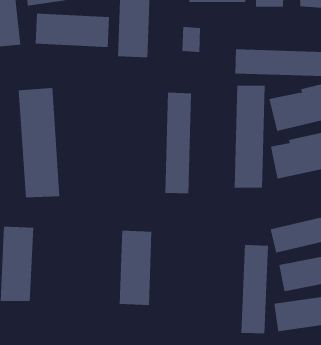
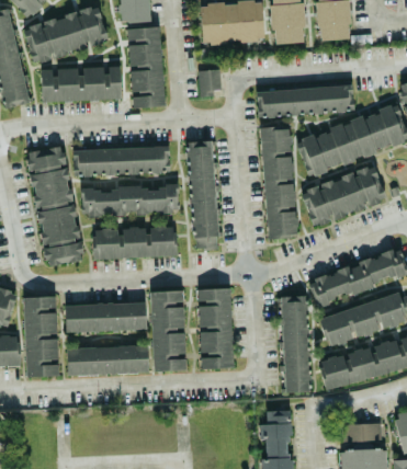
building: none -> [74,146,170,175]
building: none -> [81,185,180,214]
building: none -> [93,226,177,259]
building: none -> [199,287,234,368]
building: none -> [66,301,147,332]
building: none -> [67,345,149,375]

